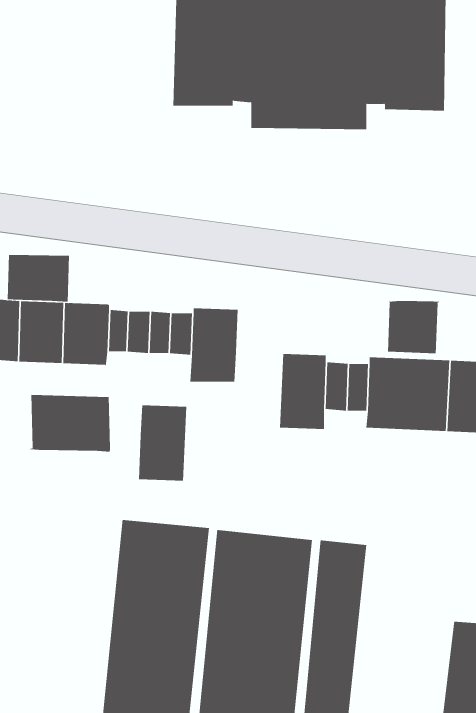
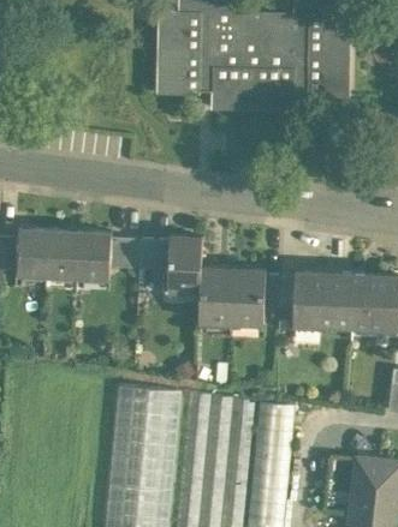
building: [7,254,69,303] -> none
building: [388,300,439,354] -> none
building: [30,394,111,452] -> none
building: [138,405,187,481] -> [198,268,233,322]

